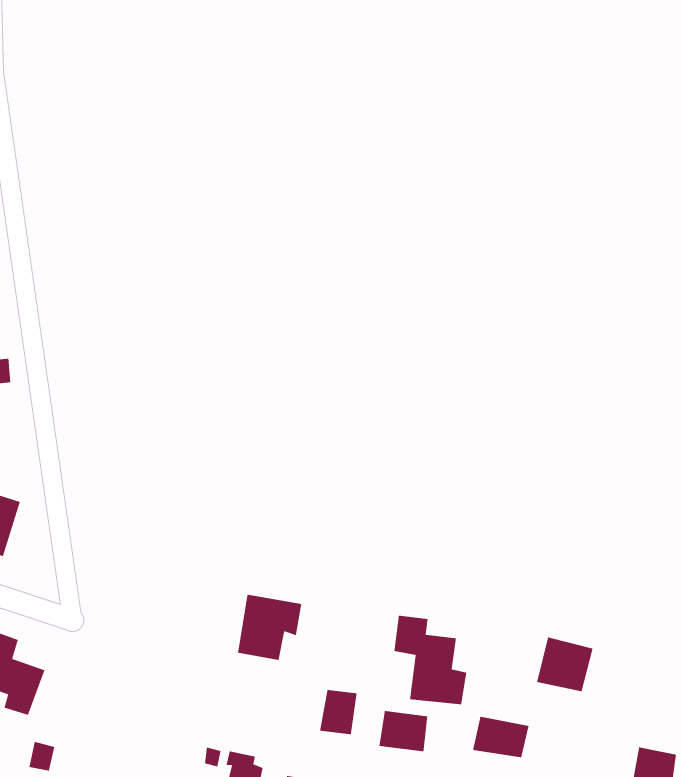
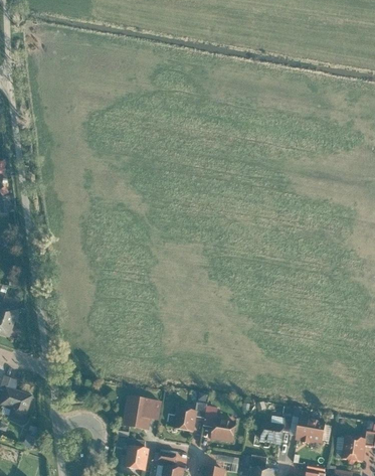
building: [237,594,302,661] -> [124,395,158,431]
building: [393,615,467,705] -> none
building: [536,637,593,692] -> [293,415,323,444]

